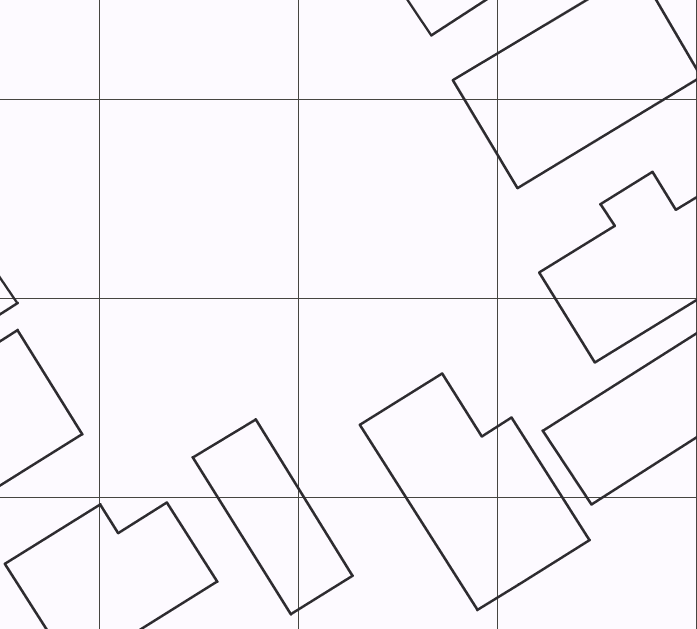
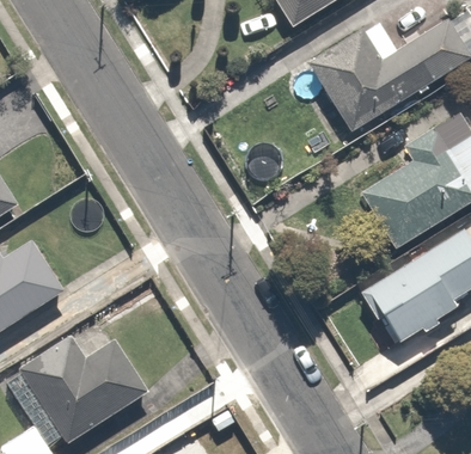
building: [360,374,590,610] -> none
building: [193,419,353,614] -> none

